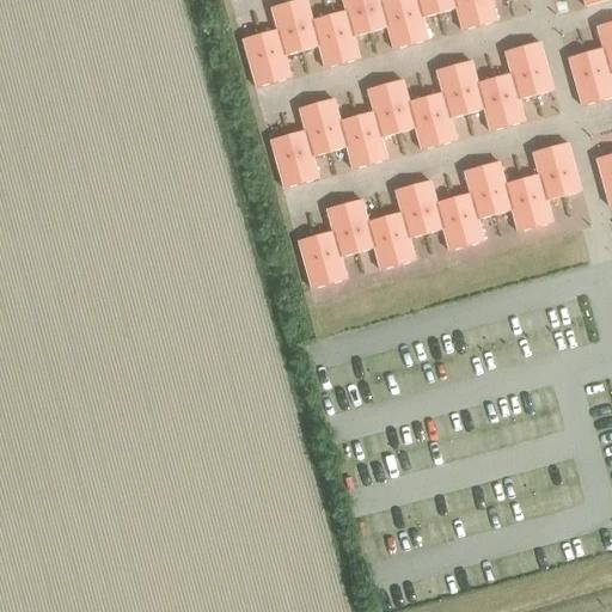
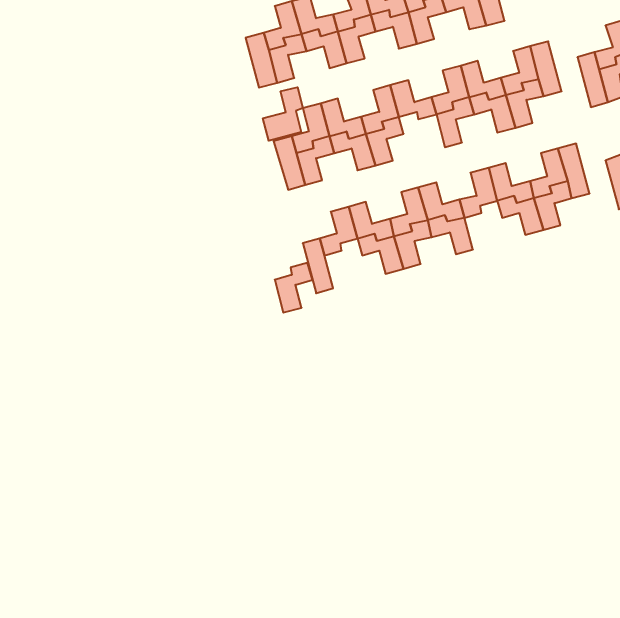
building: none -> [263,87,303,141]
building: [393,110,439,149] -> none
building: [458,197,495,245] -> none
building: [320,234,357,283] -> [275,263,312,313]

